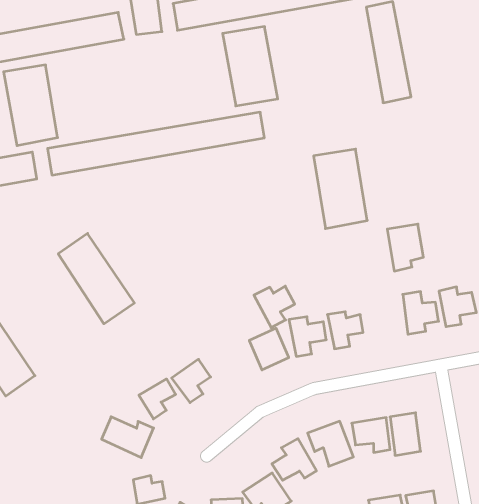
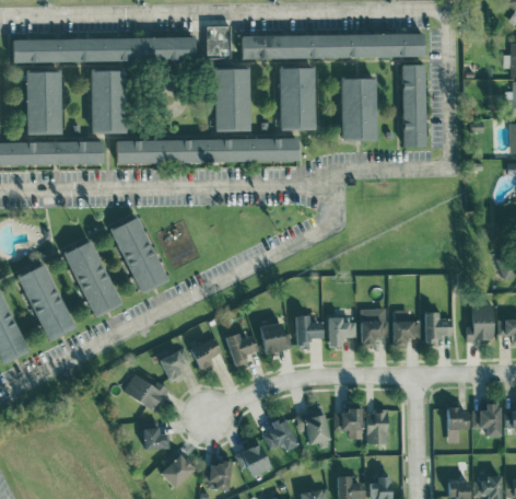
building: none -> [214,69,251,131]
building: [314,149,367,229] -> [341,79,377,141]
building: [387,224,423,271] -> [360,309,386,345]
building: none -> [64,241,121,317]
building: [254,286,295,328] -> [225,334,258,368]

